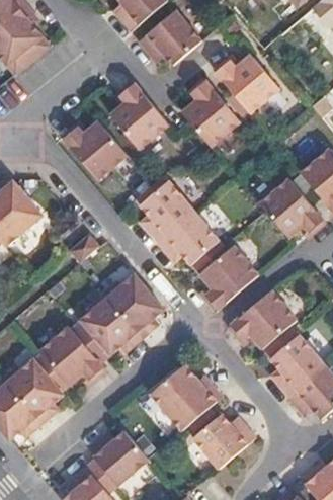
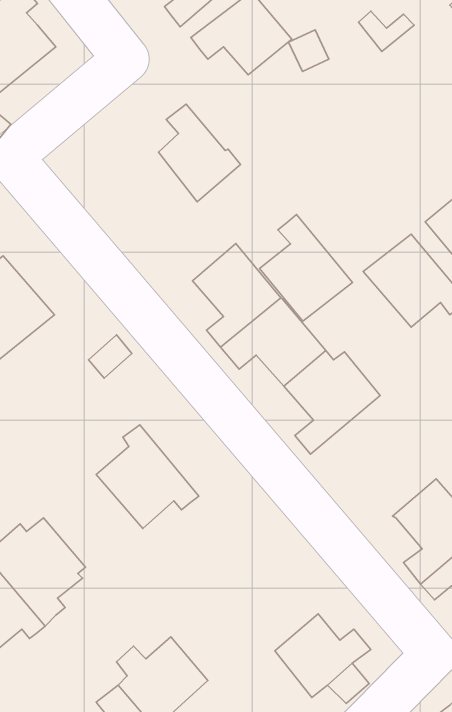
building: [213,56,278,113] -> none
building: [180,77,241,147] -> [259,214,352,321]
building: [62,120,126,178] -> none
building: [102,273,163,339] -> none
building: [227,288,299,352] -> none
building: [38,323,105,386] -> none
building: [152,366,222,430] -> none

